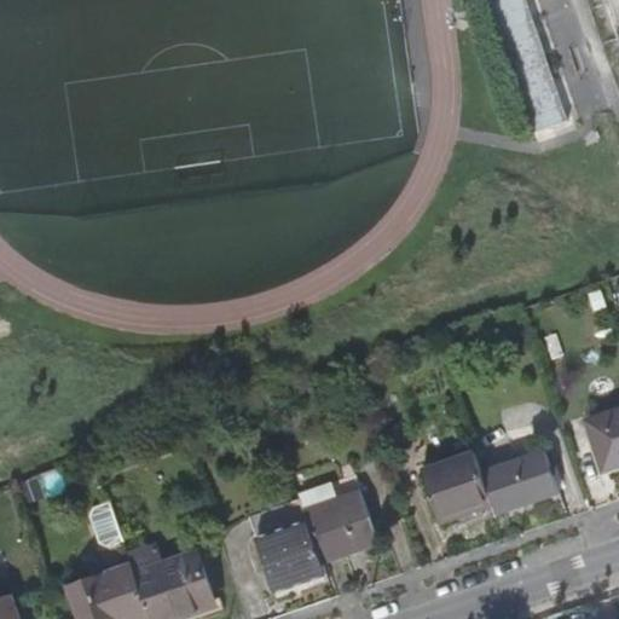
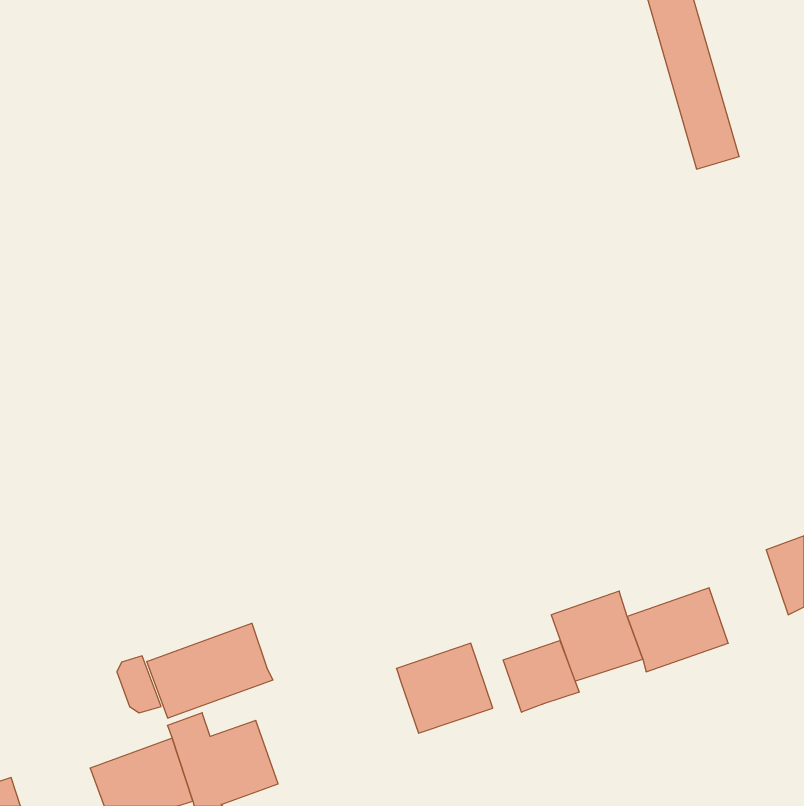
building: none -> [147,623,273,718]
building: none -> [503,641,579,712]
building: [256,522,325,591] -> none

